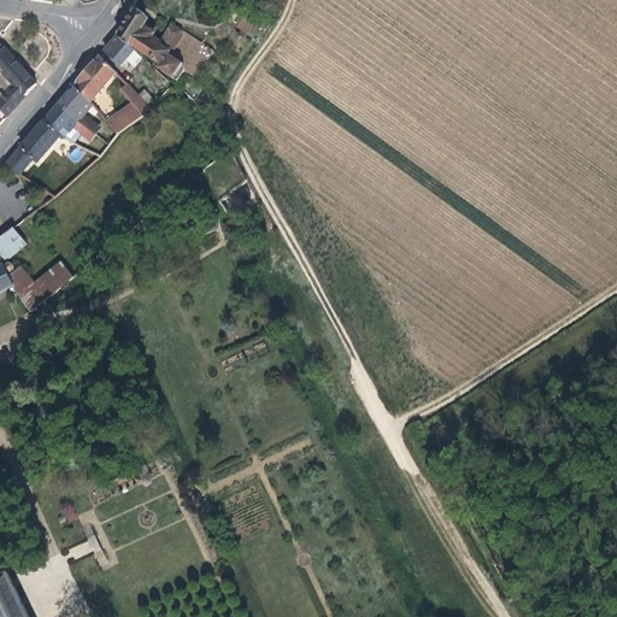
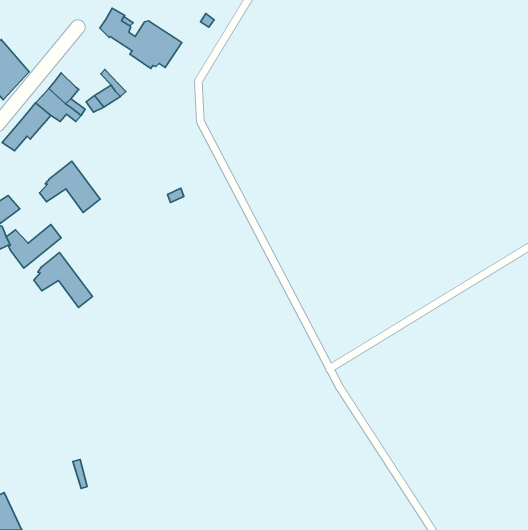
building: [102,33,139,65] -> none
building: [71,54,113,101] -> none
building: none -> [39,161,100,212]
building: none -> [34,253,93,307]

